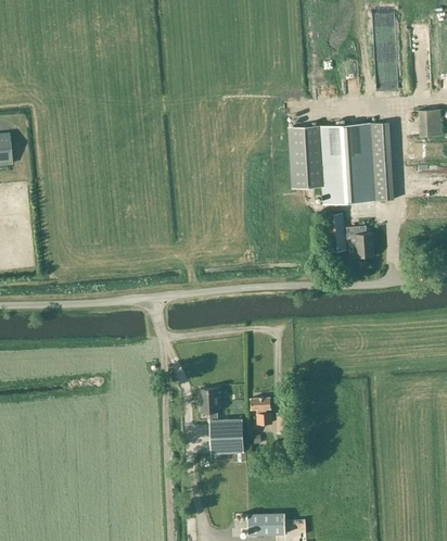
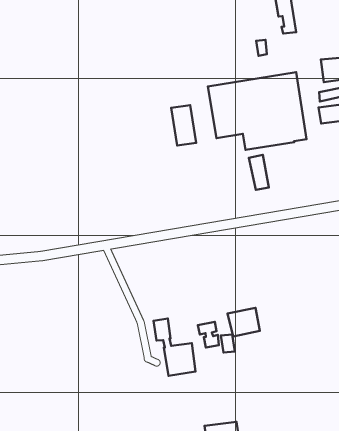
building: none -> [171,105,196,145]
building: [346,225,374,256] -> none
building: none -> [227,308,260,336]

